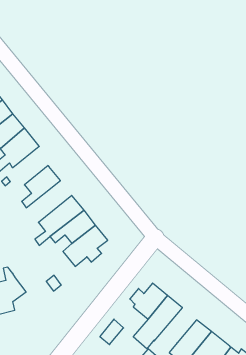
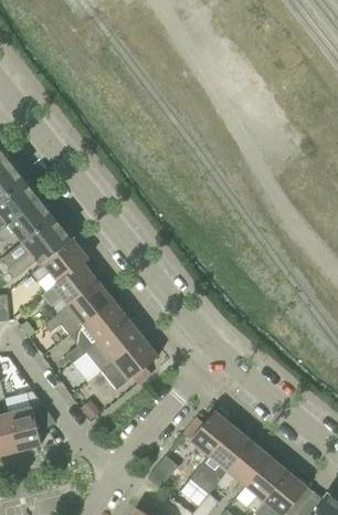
building: none -> [30,238,87,292]
building: none -> [43,281,112,334]
building: none -> [215,441,268,488]

